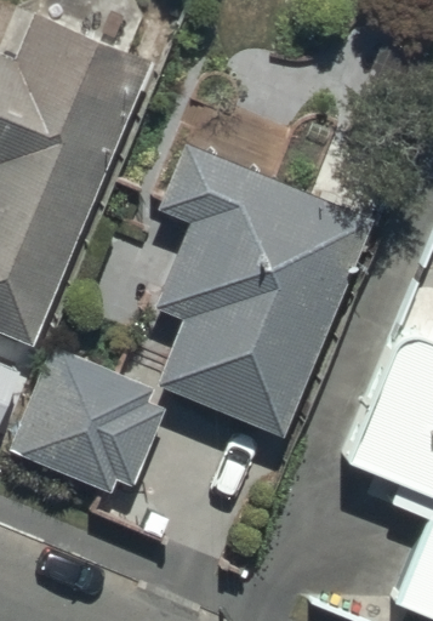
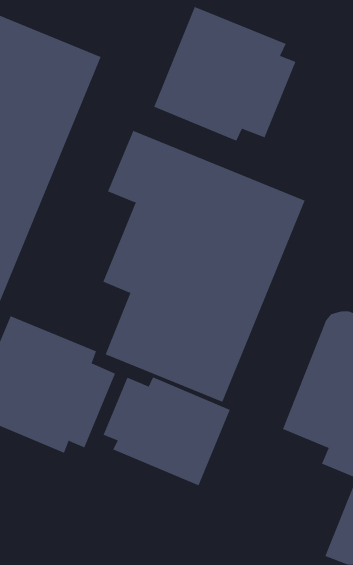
building: none -> [154,6,296,141]
building: none -> [103,377,230,486]

